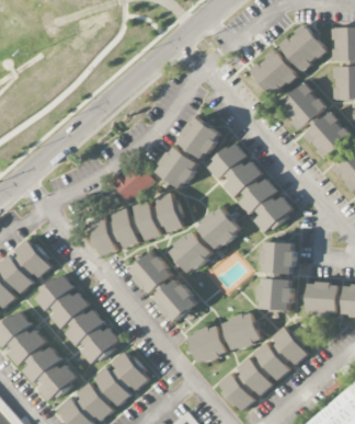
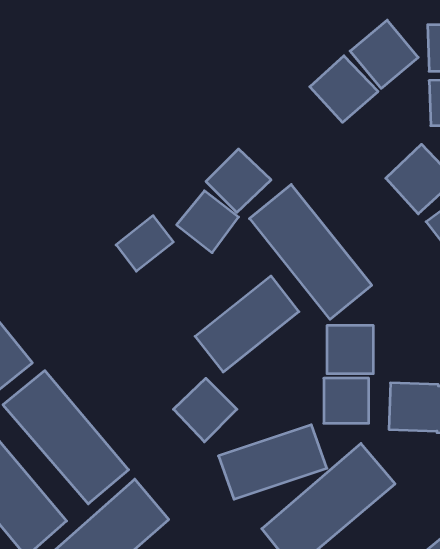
building: [278,83,325,130] -> none
building: [88,195,185,254] -> none
building: [129,250,174,295] -> none

